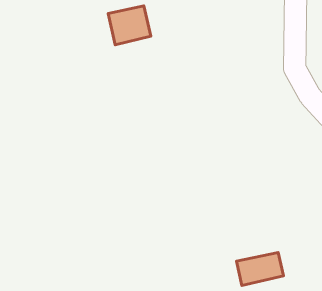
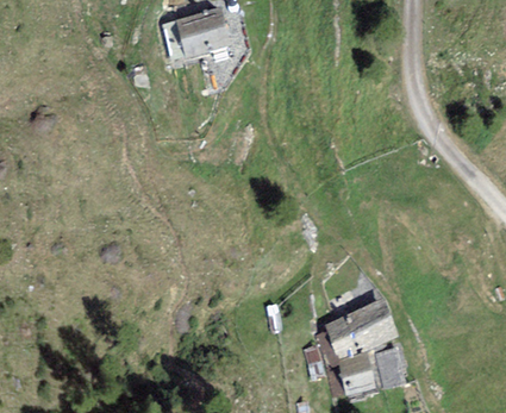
building: none -> [326,299,396,357]

